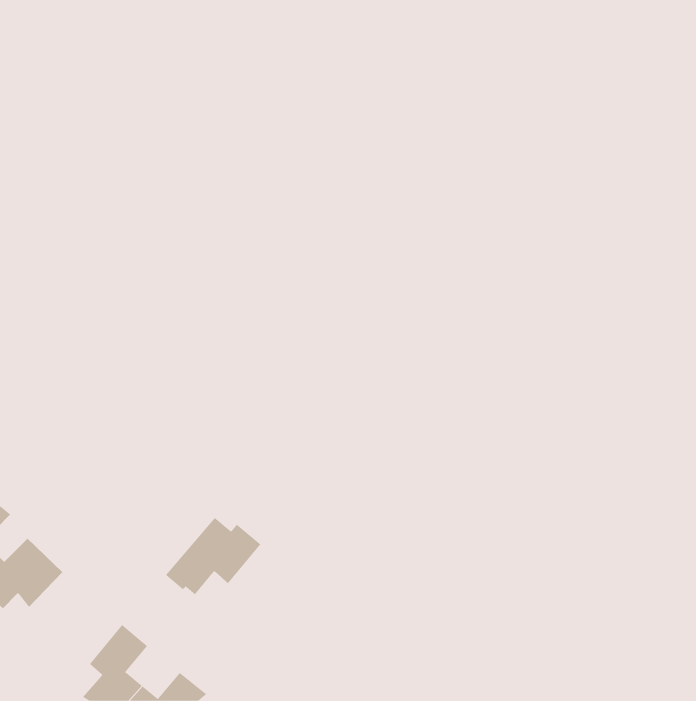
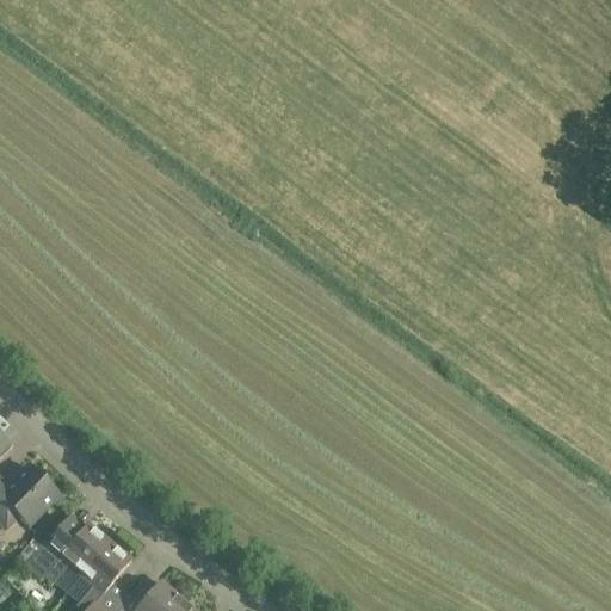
building: [165,517,261,595] -> [23,519,106,587]

